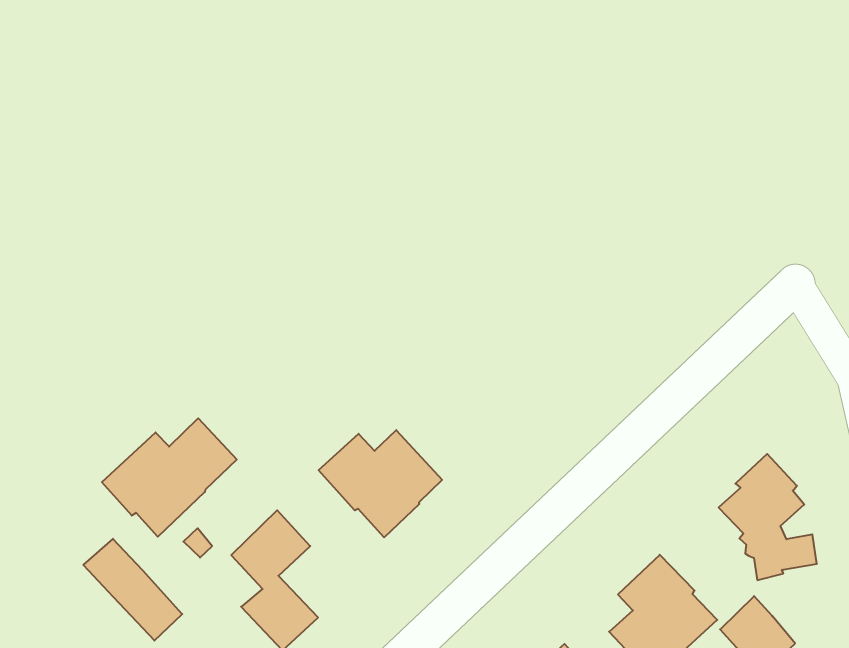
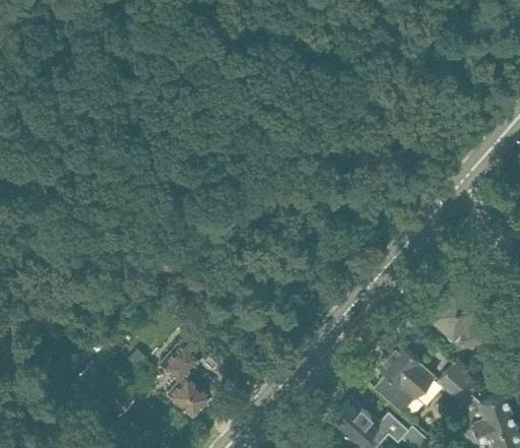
building: [102,418,237,537] -> none
building: [319,430,442,537] -> none

